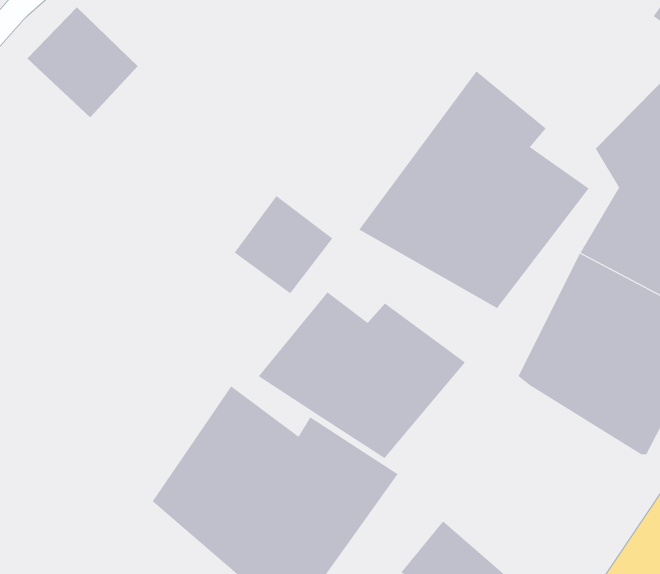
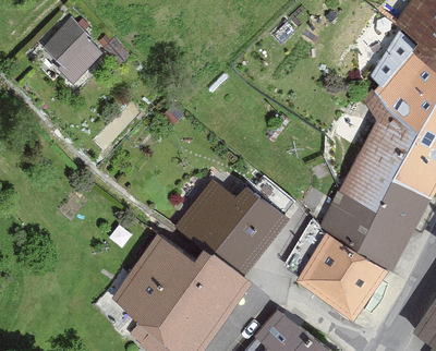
building: [359,70,590,309] -> none
building: [234,195,333,294] -> none
building: none -> [295,233,389,323]

